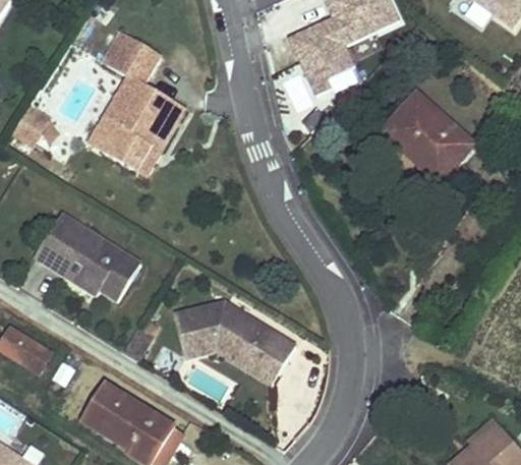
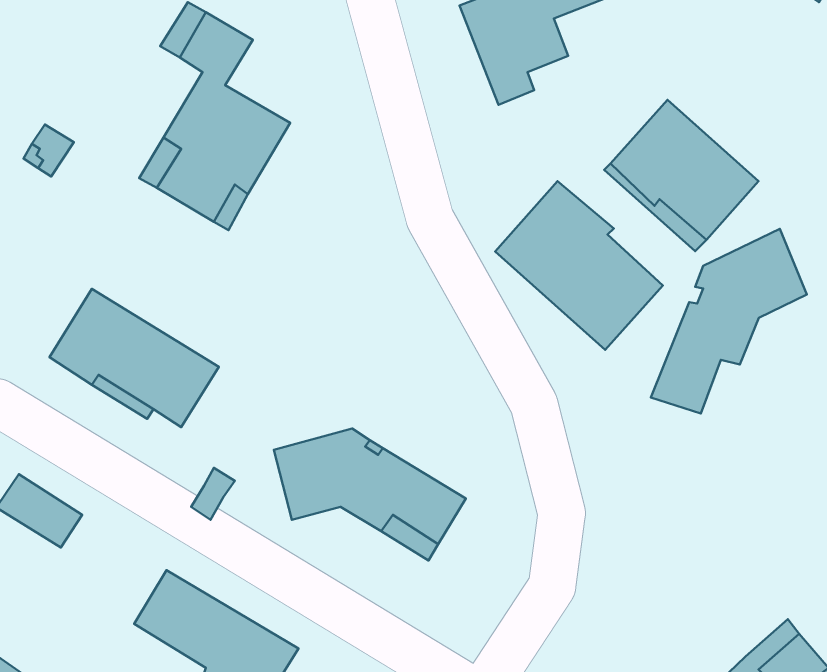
building: none -> [495,181,663,350]
building: none -> [651,229,807,413]

